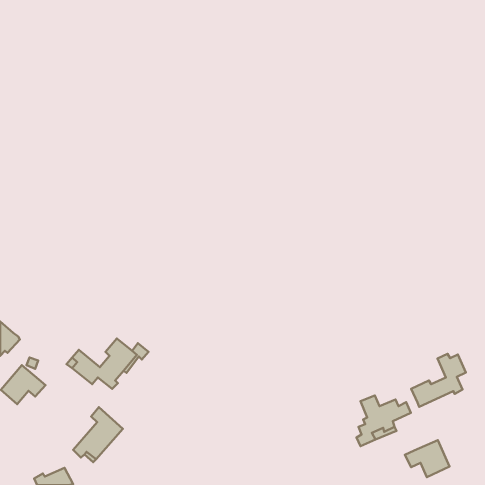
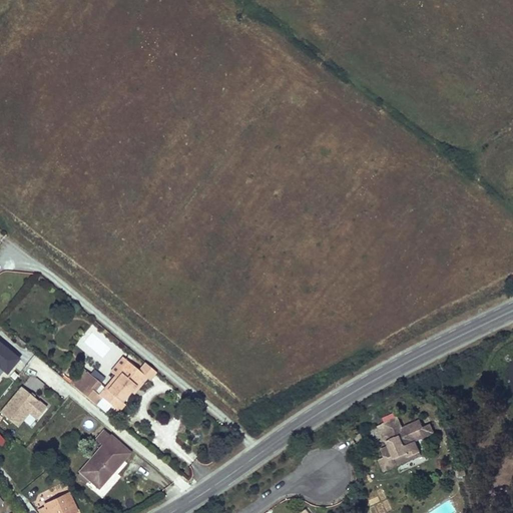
building: [411,354,466,407] -> none
building: [405,440,450,477] -> none

